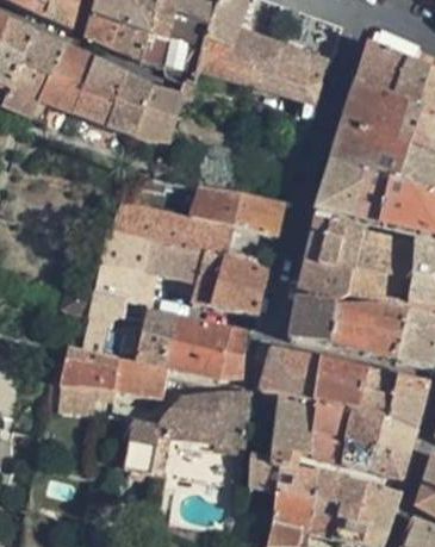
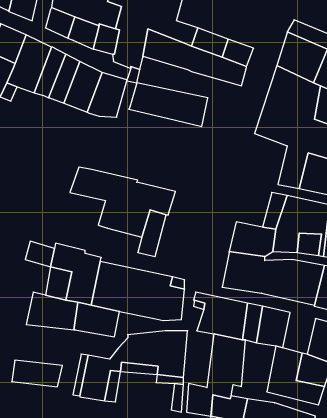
building: [315,158,367,218] -> none
building: [191,185,284,236] -> [129,83,208,126]
building: [307,220,349,268] -> none
building: [95,226,156,304] -> none
building: [212,254,269,313] -> none
building: [362,368,400,417] -> none
building: [57,383,117,414] -> [12,360,62,387]
building: [313,400,354,461] -> none

